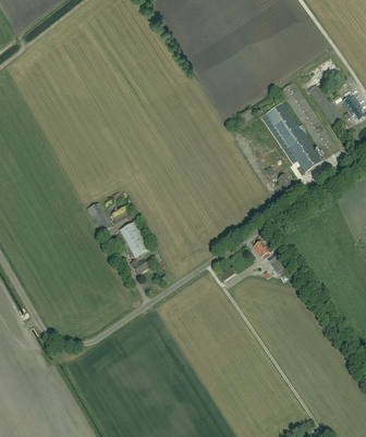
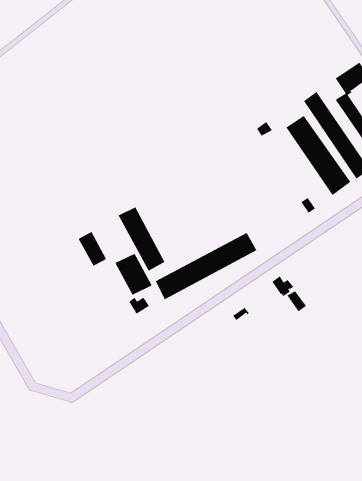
building: none -> [118,206,165,271]
building: none -> [155,232,257,300]

